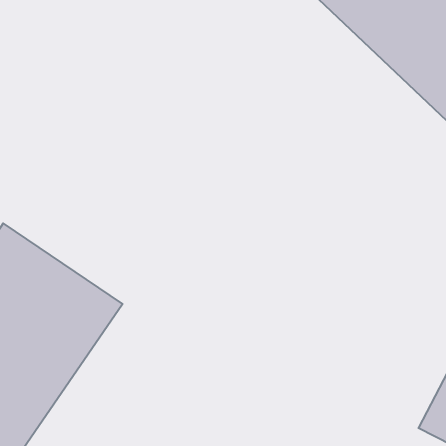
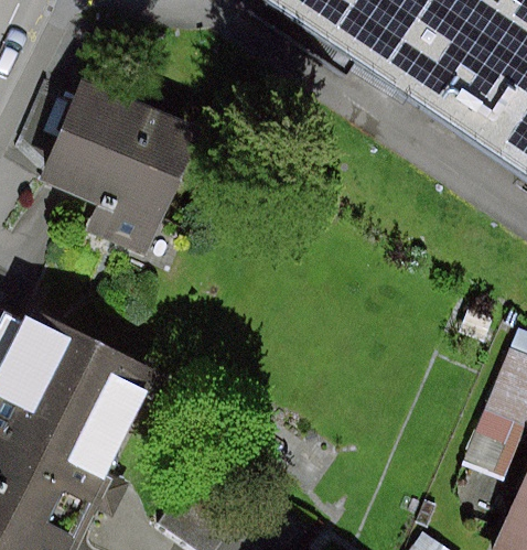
building: none -> [56,78,207,223]

